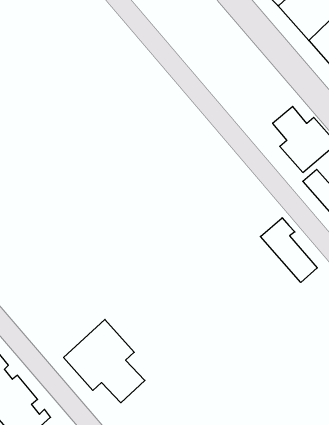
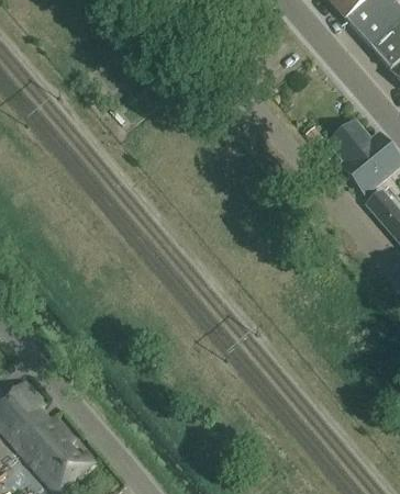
building: [260,218,317,282] -> none
building: [64,319,145,403] -> none

